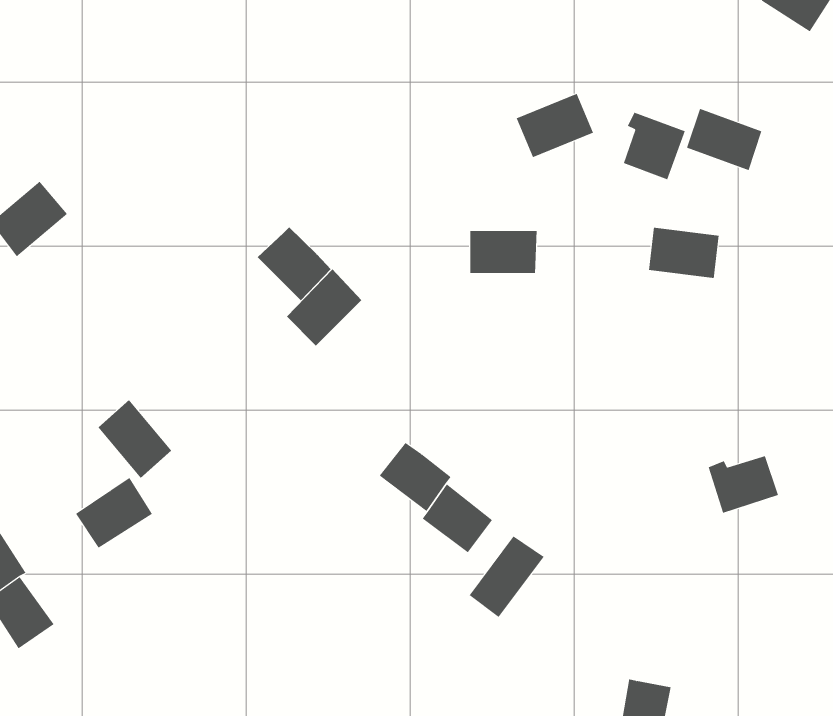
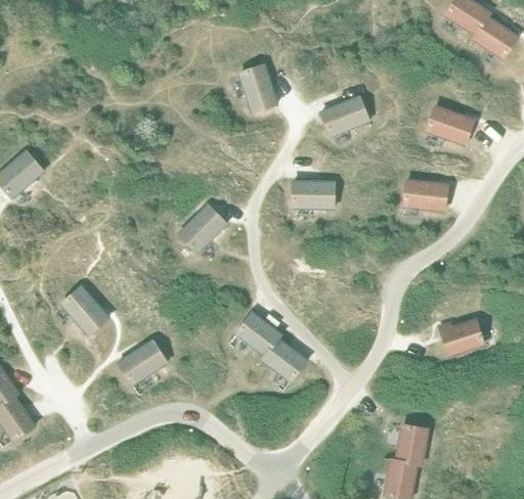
building: none -> [239,64,277,111]
building: [623,112,686,180] -> none
building: [257,227,331,301] -> none
building: [75,477,153,548] -> [119,339,167,383]
building: [469,536,545,618] -> none
building: none -> [396,423,429,464]

